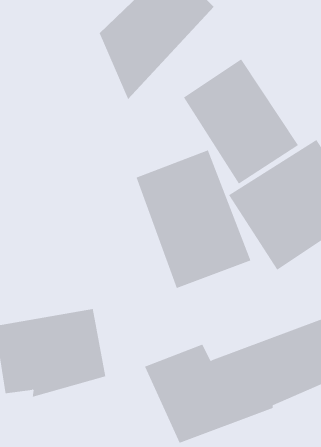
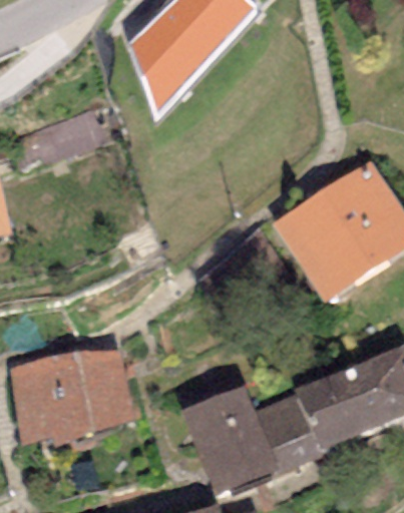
building: [183,59,299,184] -> none
building: [136,149,251,289] -> none

